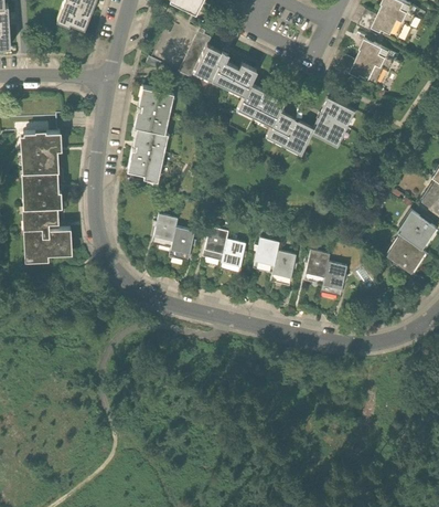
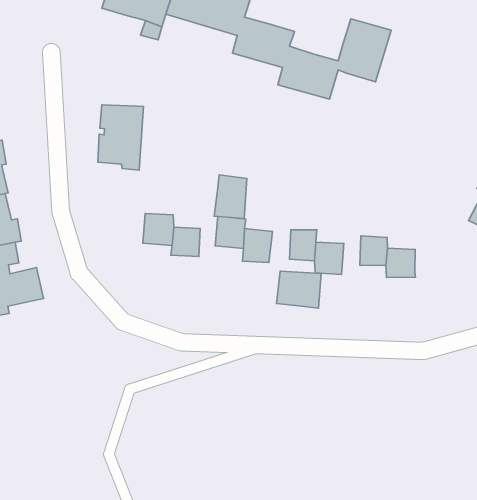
building: [133,87,173,134] -> none
building: none -> [214,175,247,219]
building: none -> [276,271,321,308]

